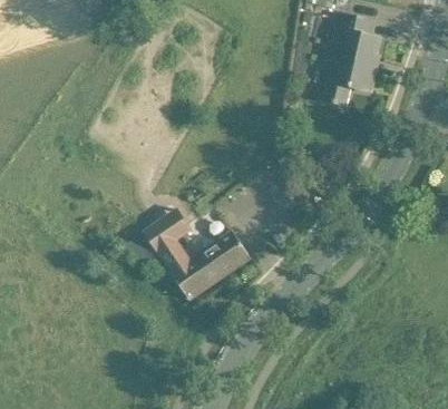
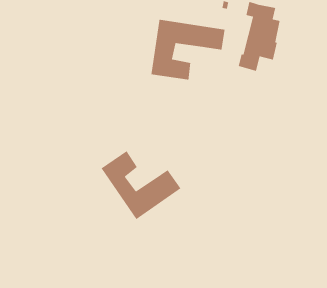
building: none -> [150,19,225,81]

